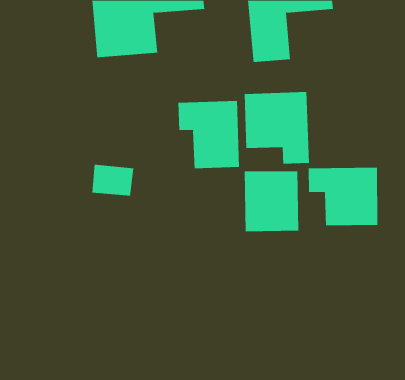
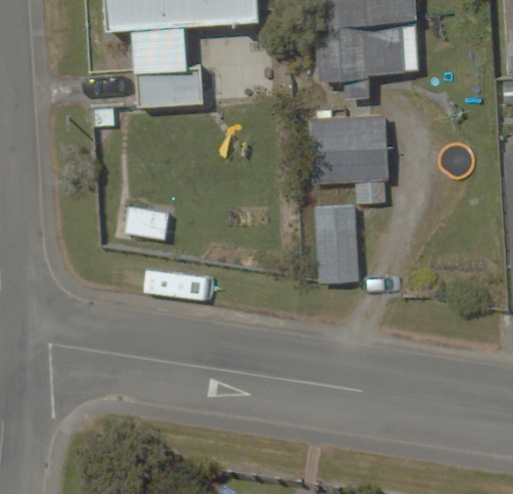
building: [178,100,240,169] -> none
building: [308,167,378,226] -> none

